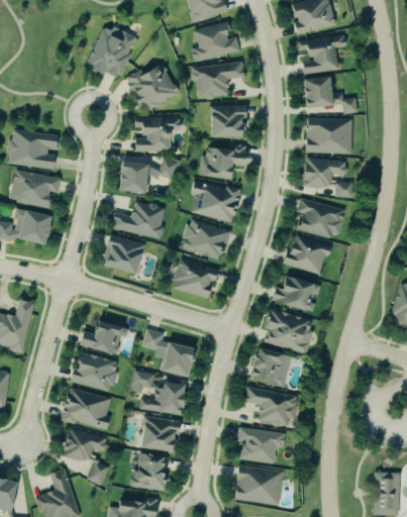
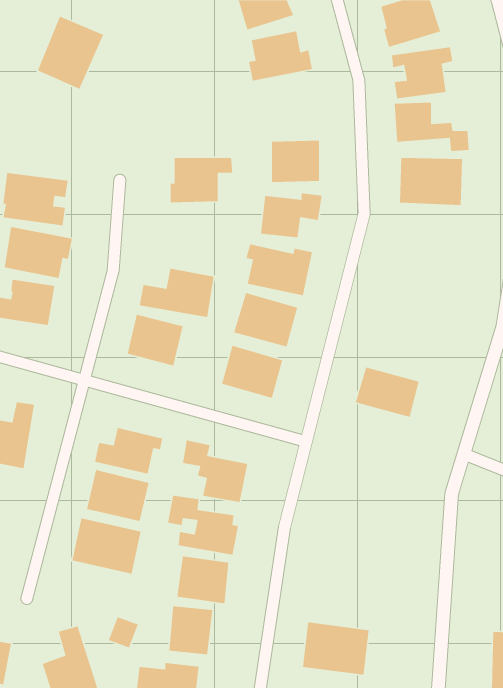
building: [87,24,137,80] -> [37,16,104,90]
building: [127,61,181,113] -> none
building: [194,63,244,100] -> none
building: [303,159,352,198] -> none
building: [116,161,178,193] -> none
building: [296,198,346,239] -> none
building: [284,234,331,275] -> none
building: [264,309,314,354] -> none
building: [248,347,292,388] -> none
building: [243,387,297,427] -> none
building: [62,427,111,462] -> none
building: [238,427,286,464] -> none

